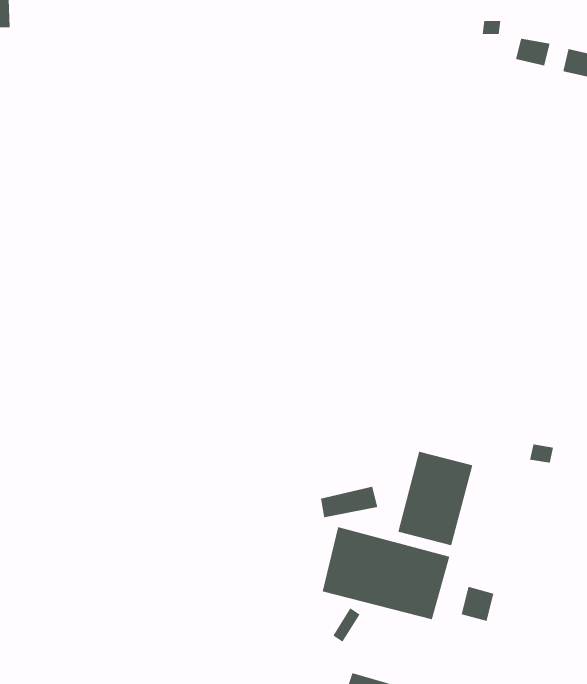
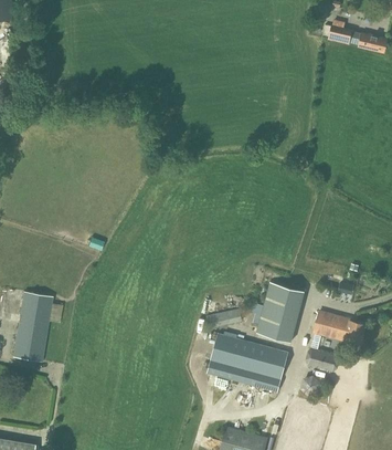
building: none -> [14,291,52,360]
building: none -> [314,310,365,343]
building: none -> [305,347,340,370]

